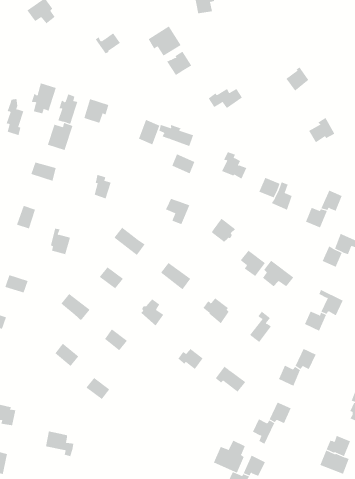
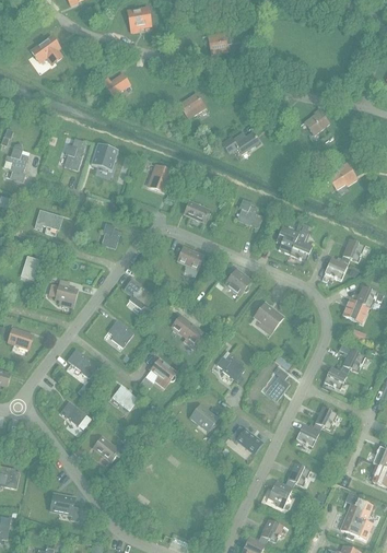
building: [148,26,181,57] -> none
building: [31,82,57,114] -> none
building: [47,122,73,151] -> none
building: [159,124,194,147] -> none
building: [262,260,294,287] -> none
building: [213,440,245,473] -> none

